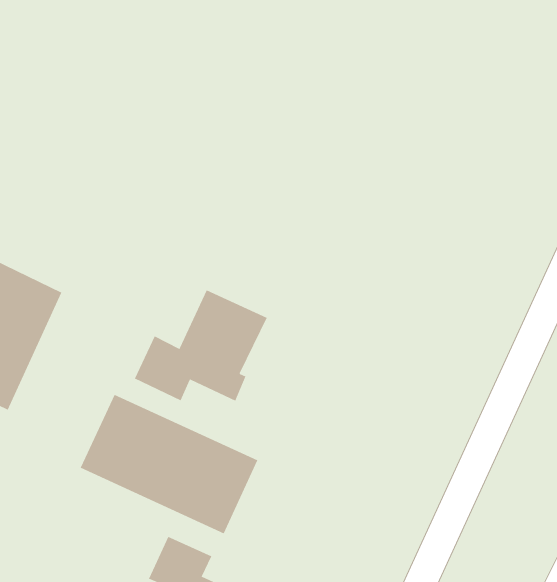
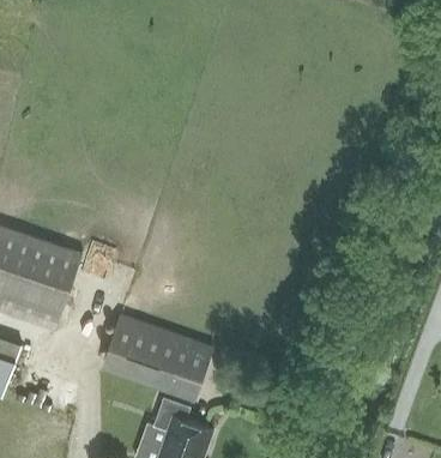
building: [134,289,267,401] -> none

